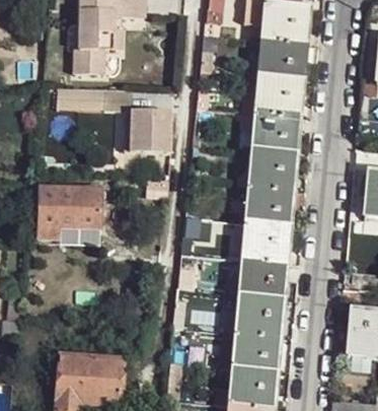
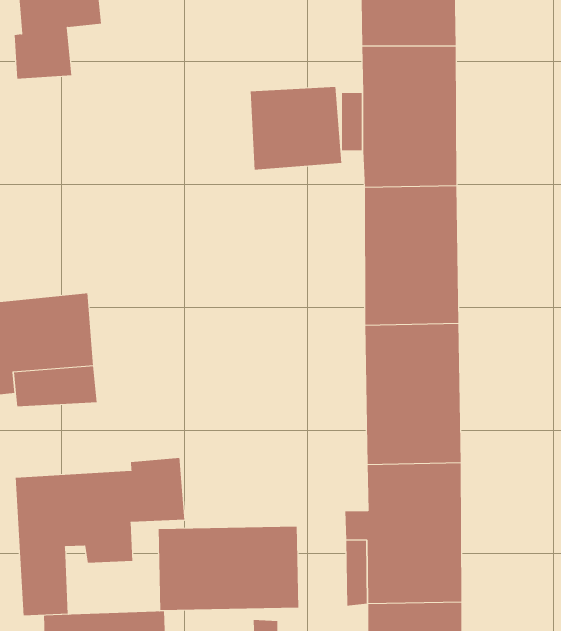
building: [124,110,171,152] -> [250,86,342,170]
building: none -> [15,457,185,616]
building: none -> [158,526,299,611]

